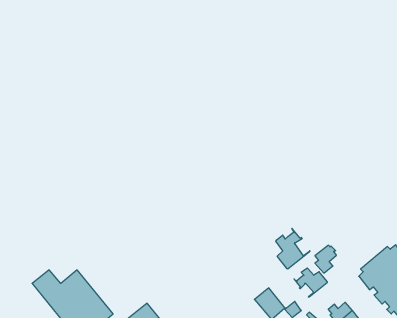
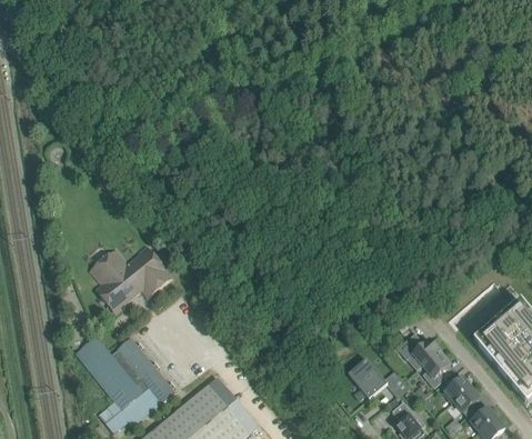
building: none -> [90,245,172,313]
building: [276,228,310,269] -> none
building: [315,245,336,273] -> [423,352,450,387]

